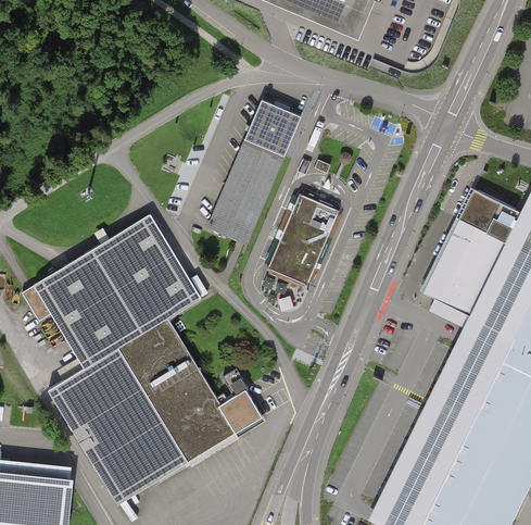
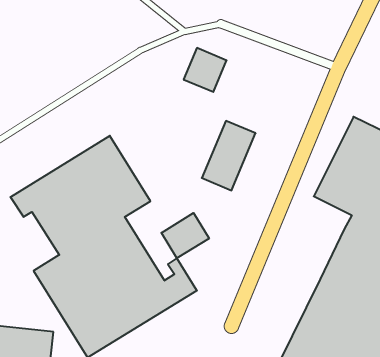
building: [207,139,285,245] -> none
building: none -> [161,213,209,258]

